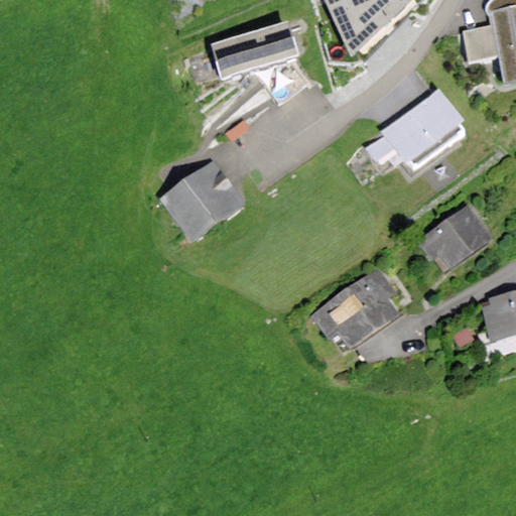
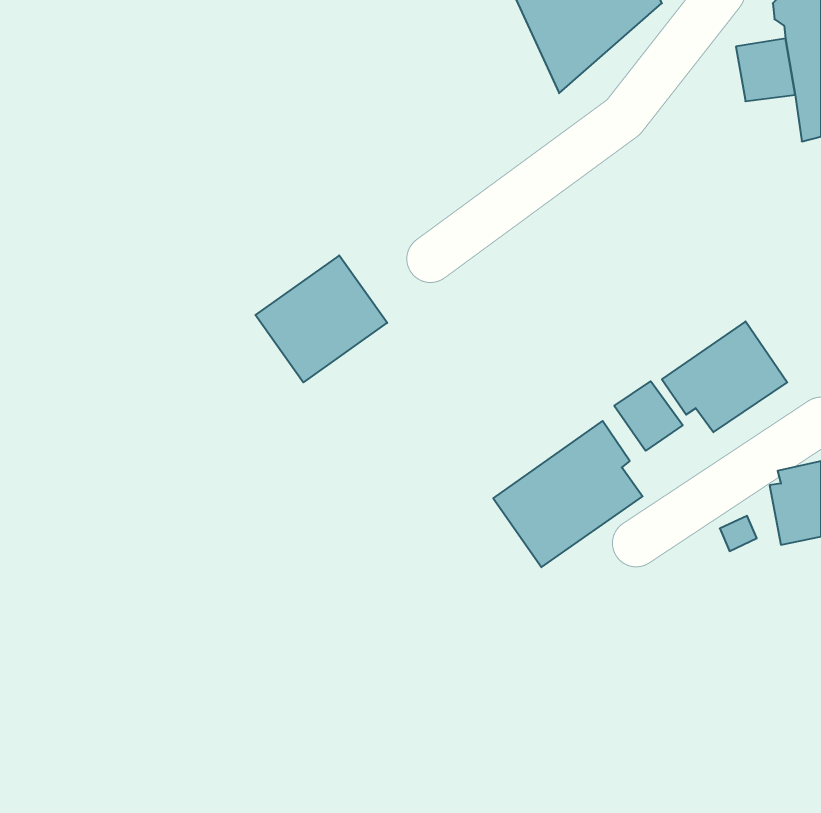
building: [211,23,296,78] -> none
building: [365,88,466,165] -> none
building: none -> [614,381,683,451]

